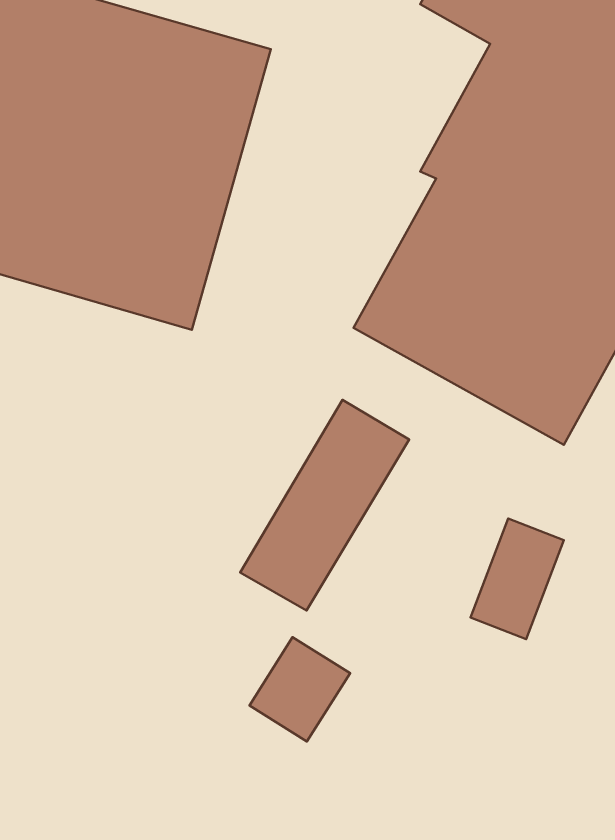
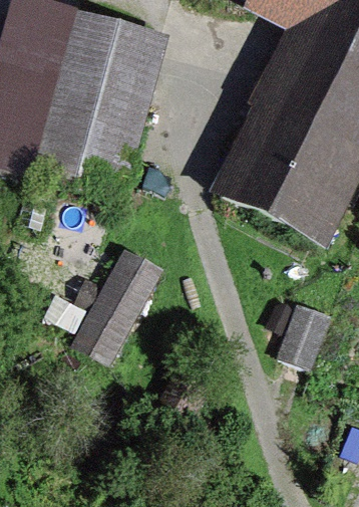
building: [240,400,409,610] -> [67,245,161,362]

